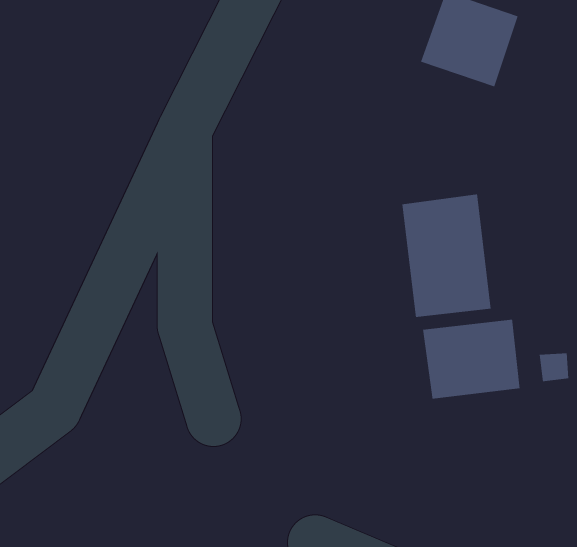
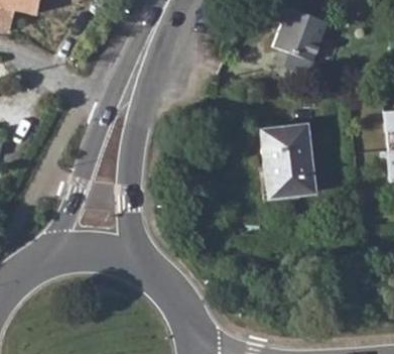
building: [423,319,520,400] -> none

